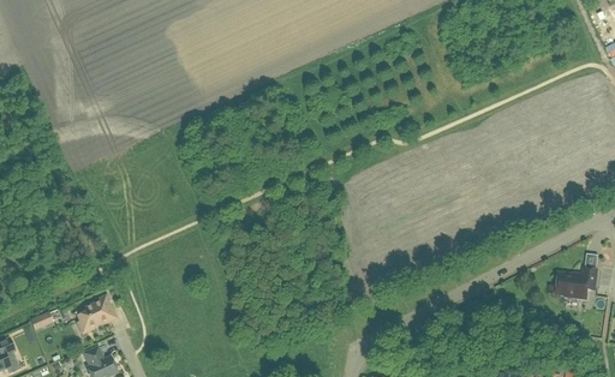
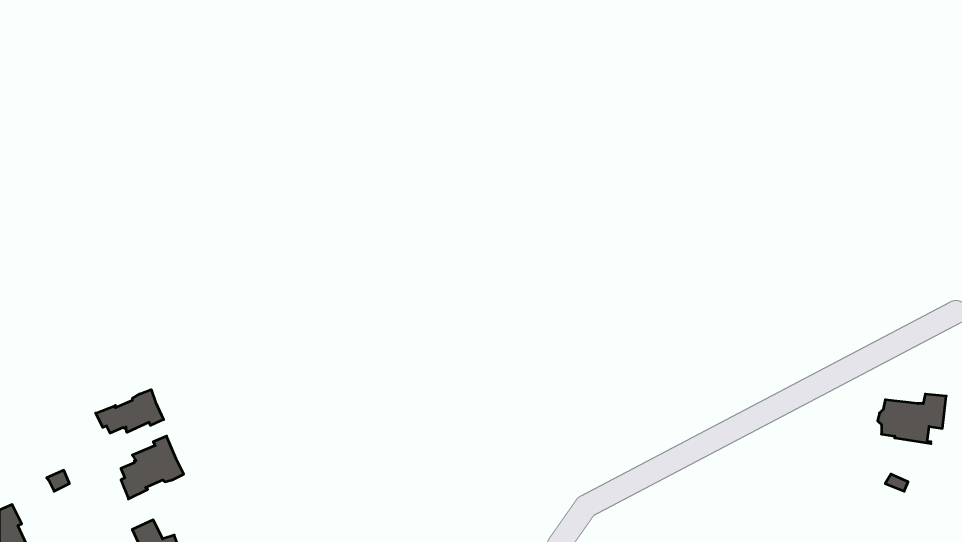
building: none -> [96,390,164,433]

